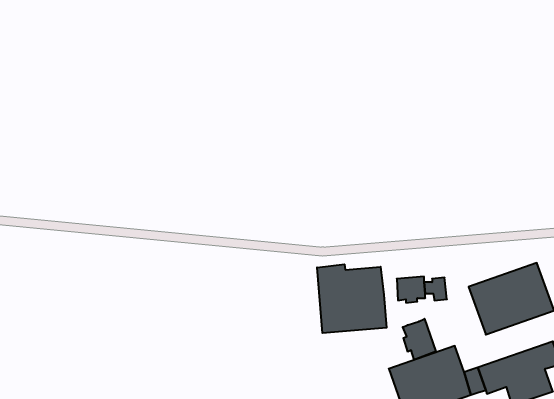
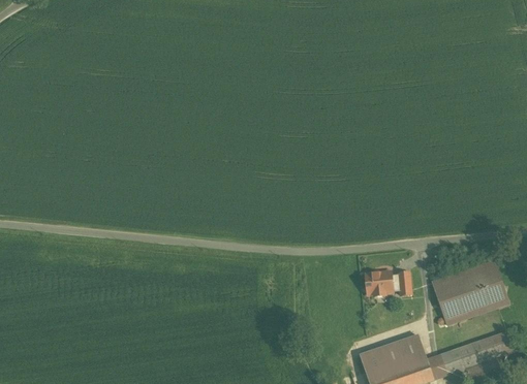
building: [317,264,387,333] -> none
building: [403,319,436,360] -> none

